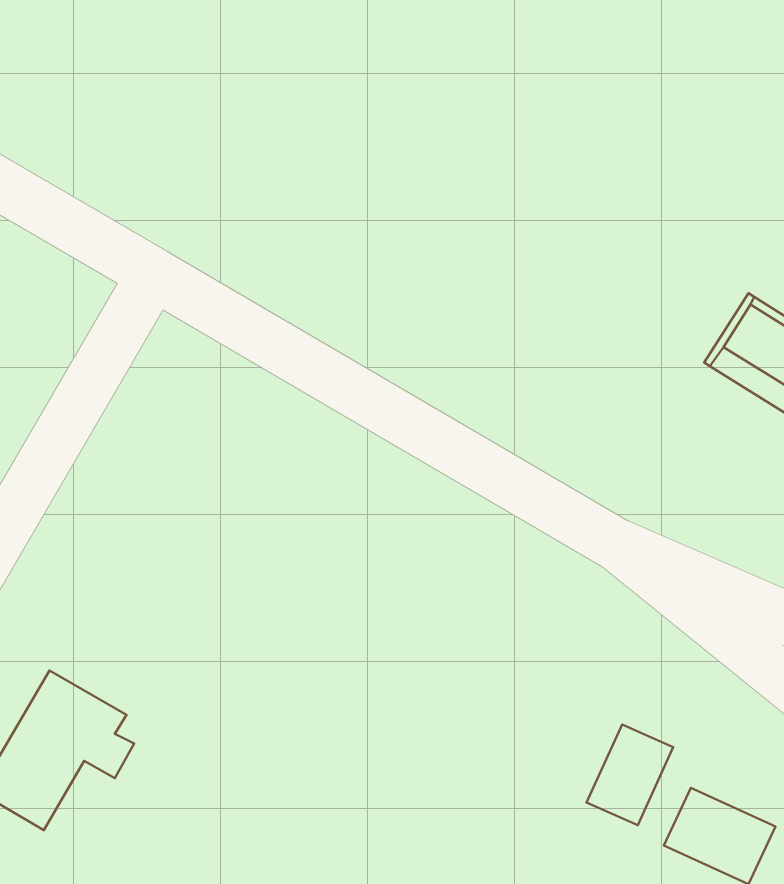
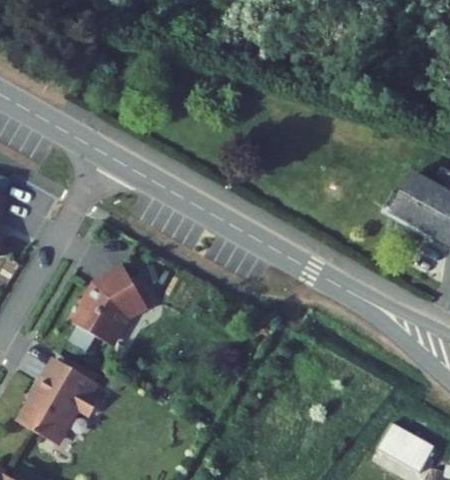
building: none -> [68,263,151,342]
building: [587,724,673,825] -> none

